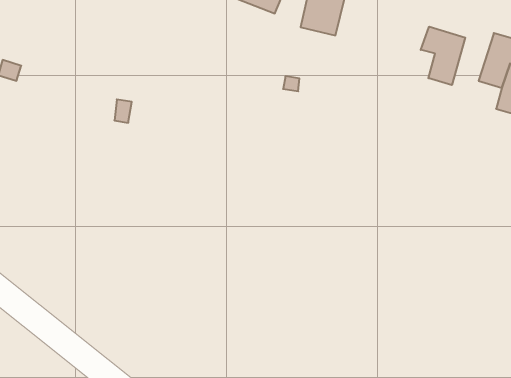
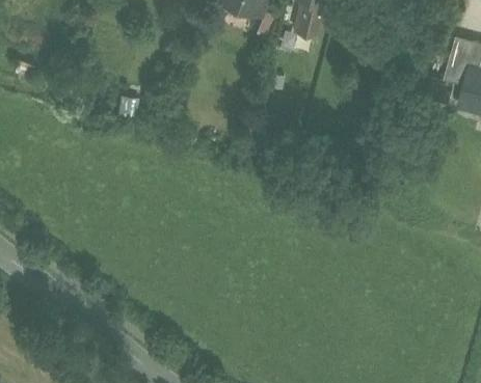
building: [421,27,465,85] -> none

